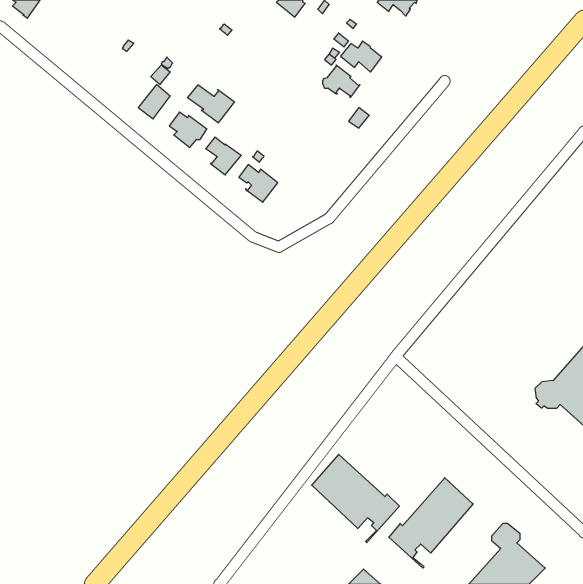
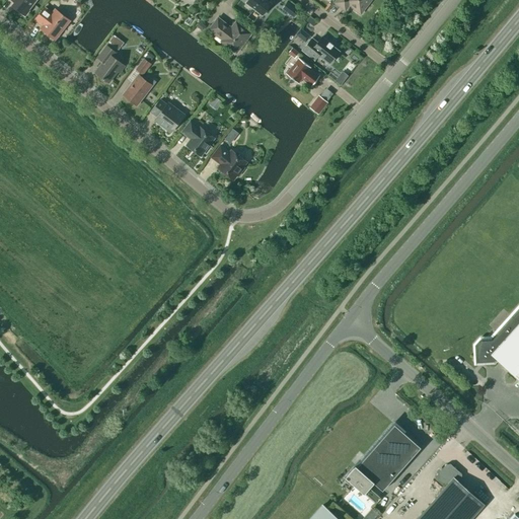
building: none -> [35,8,70,40]
building: none -> [95,46,126,82]
building: [188,85,235,123] -> [210,18,251,52]
building: [312,454,399,543] -> none

